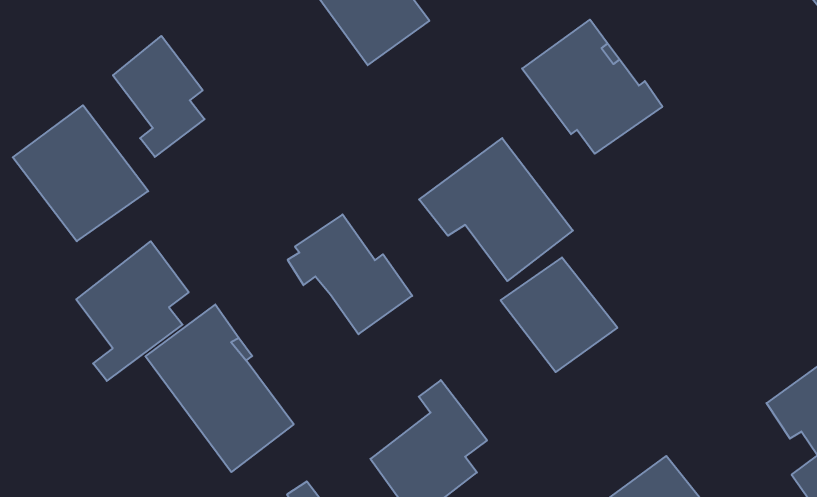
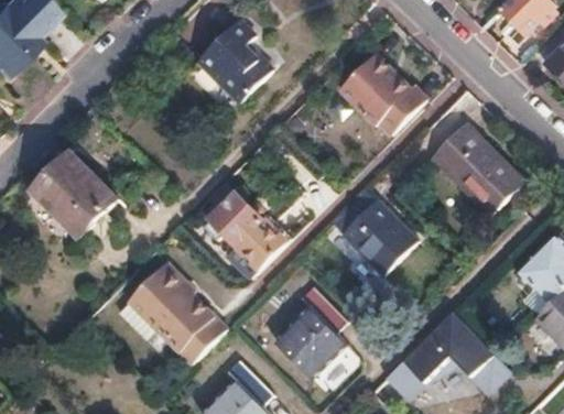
building: [113,36,205,157] -> none
building: [419,138,573,281] -> none
building: none -> [435,126,524,213]
building: [76,241,189,381] -> none

